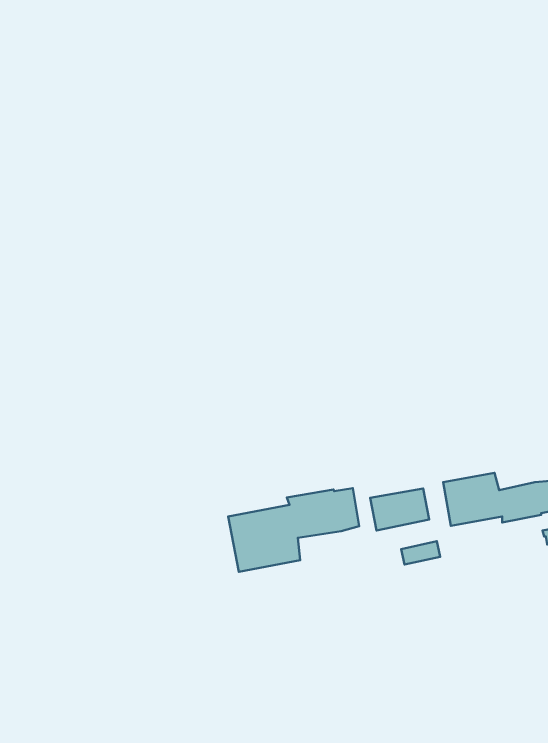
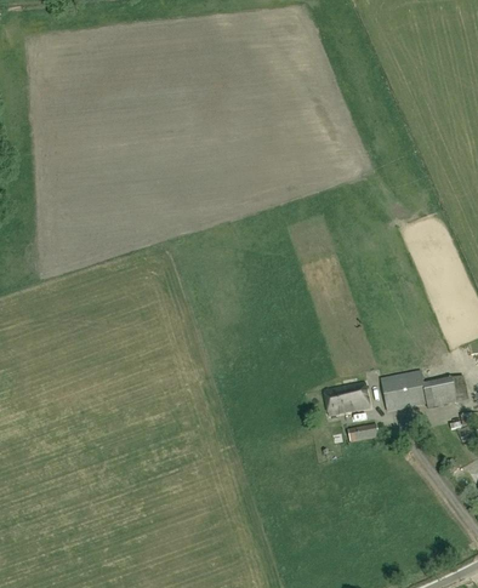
building: [228,488,359,572] -> none

